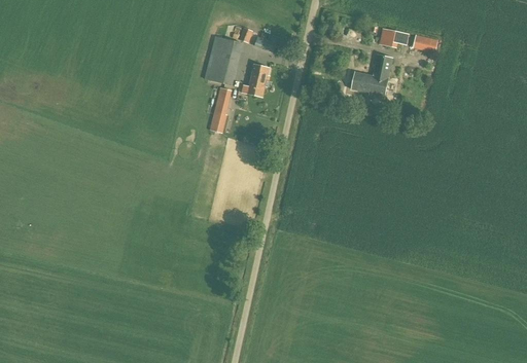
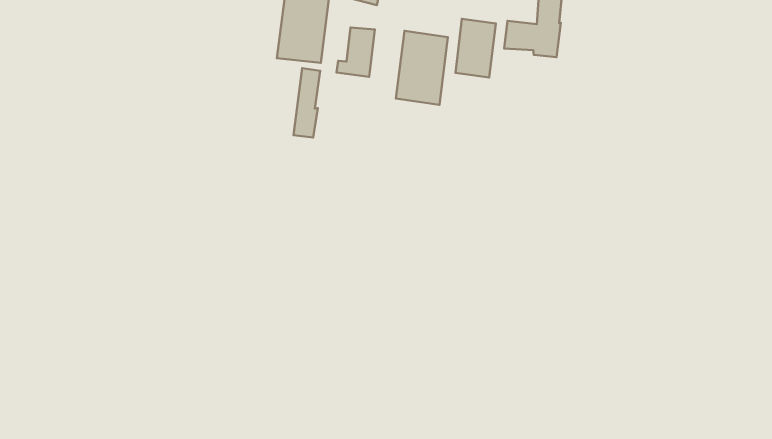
building: none -> [455,19,496,77]
building: none -> [396,31,448,105]

